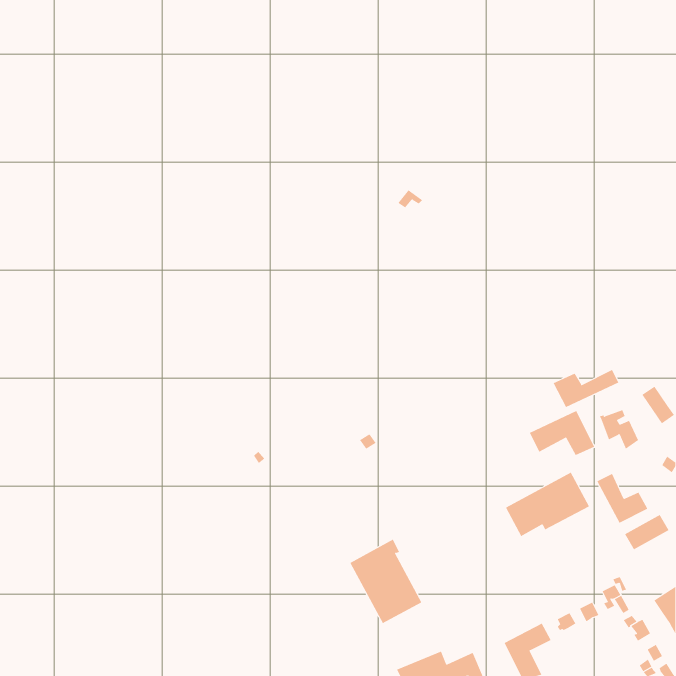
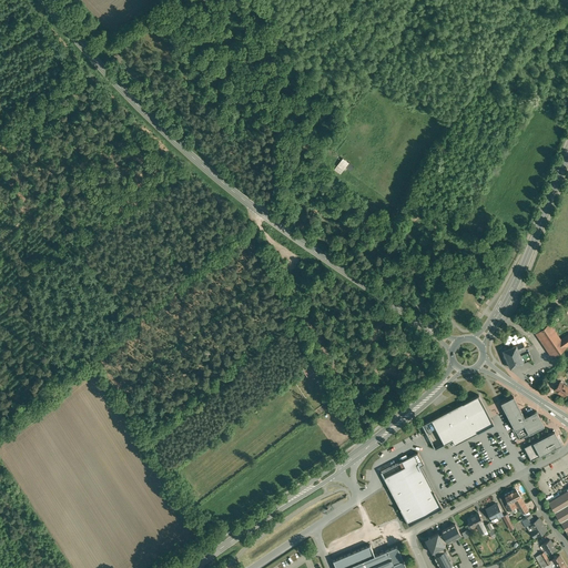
building: [553,369,619,408] -> none
building: [529,410,595,456] -> none
building: [349,539,422,624] -> [382,454,443,525]

